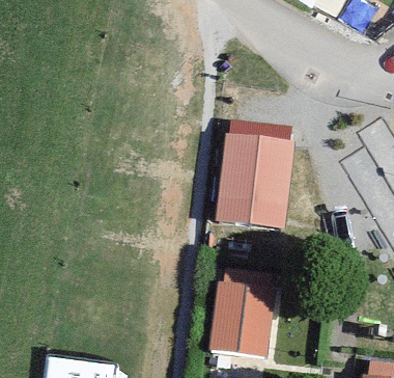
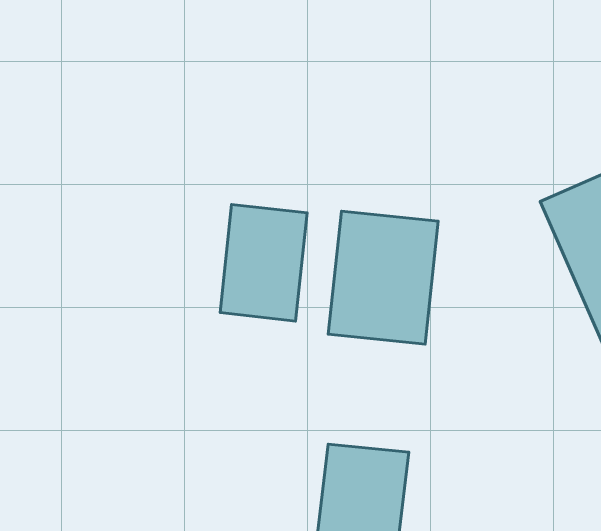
building: none -> [220,204,307,321]

